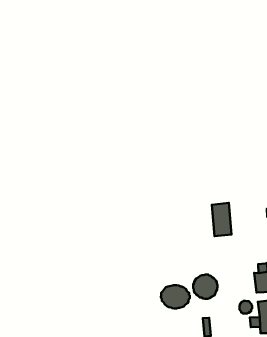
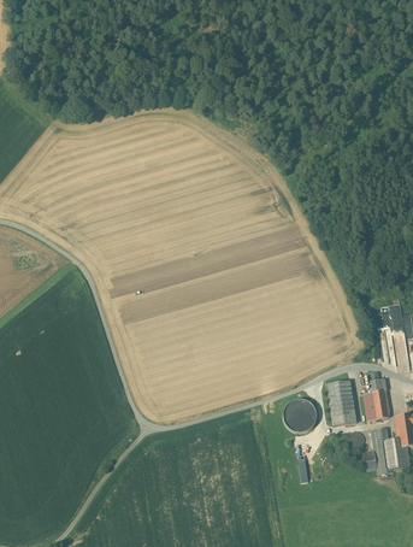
building: [212,203,232,236] -> [326,380,355,425]
building: [161,285,190,308] -> none

